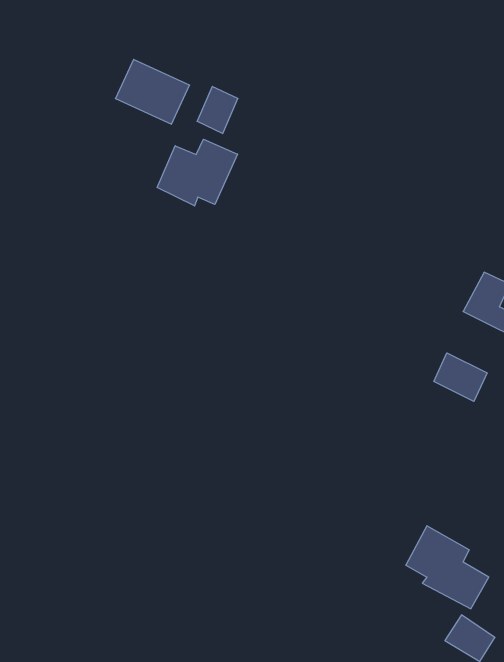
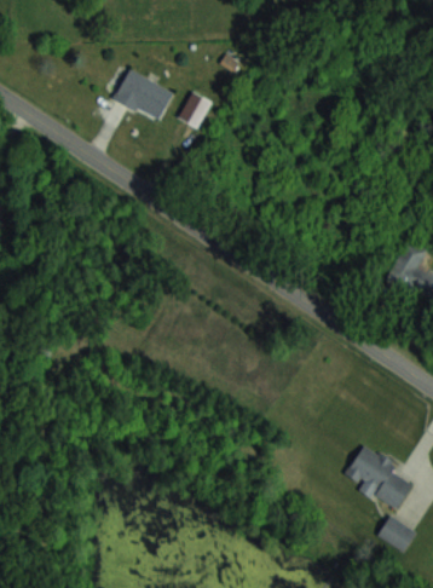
building: [157,139,238,206] -> none
building: [434,353,487,401] -> none

